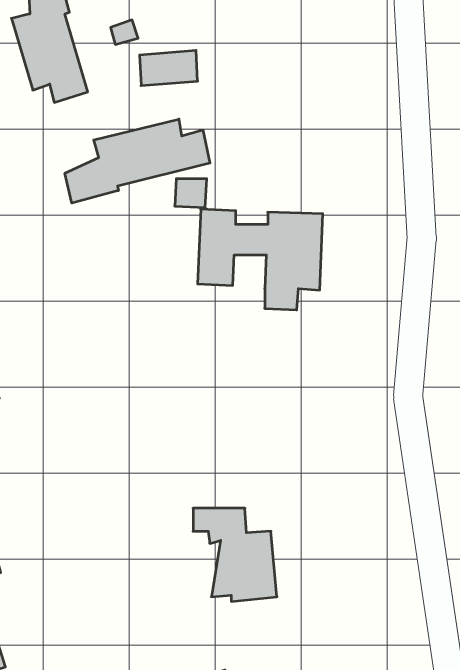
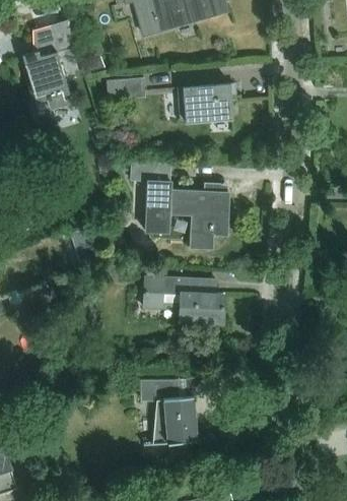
building: none -> [184,84,233,121]
building: [65,119,210,203] -> none
building: none -> [143,275,222,321]

